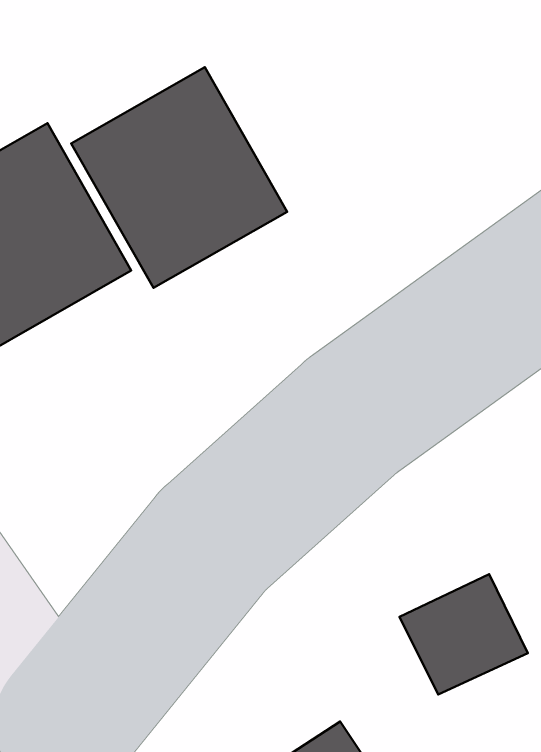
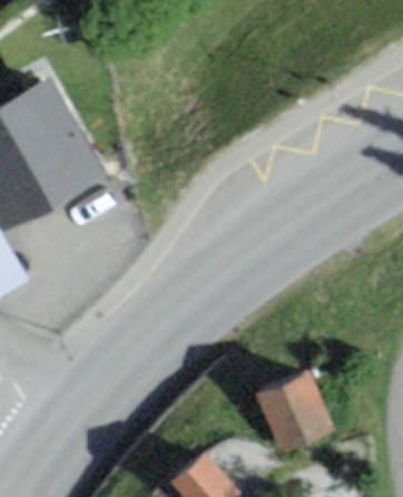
building: [71,67,287,288] -> none

